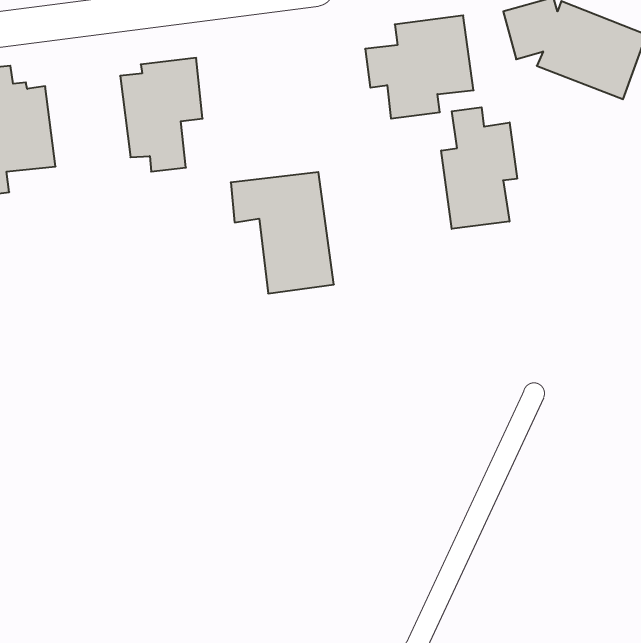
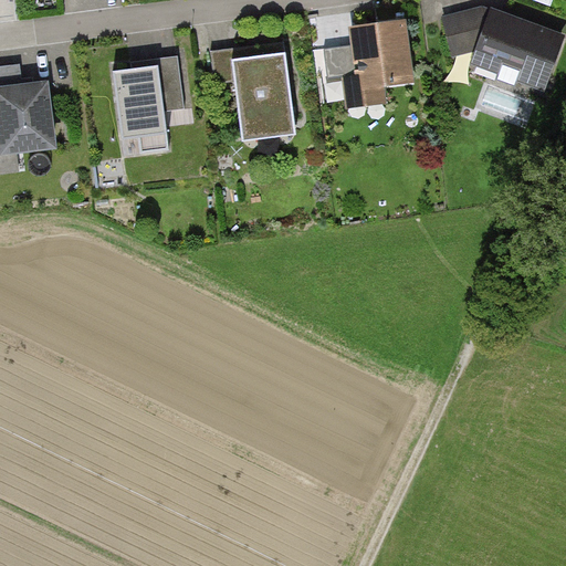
building: [441,107,517,229] -> none
building: [231,172,334,293] -> [209,41,297,145]

